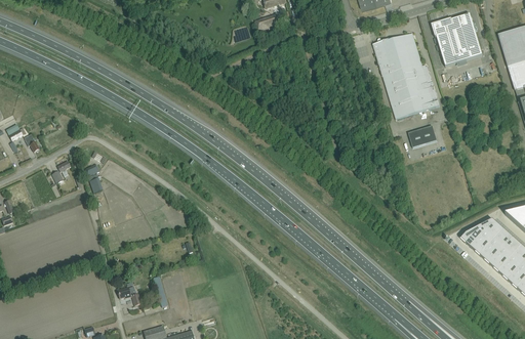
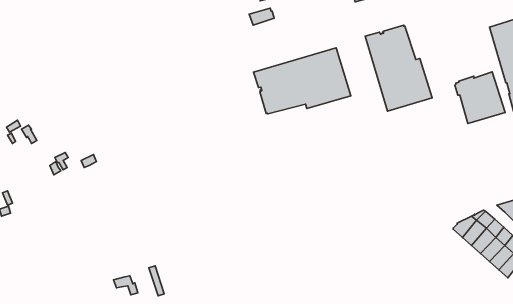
building: [432,15,483,68] -> [455,72,505,124]
building: none -> [254,48,351,114]
building: [408,127,437,149] -> none

